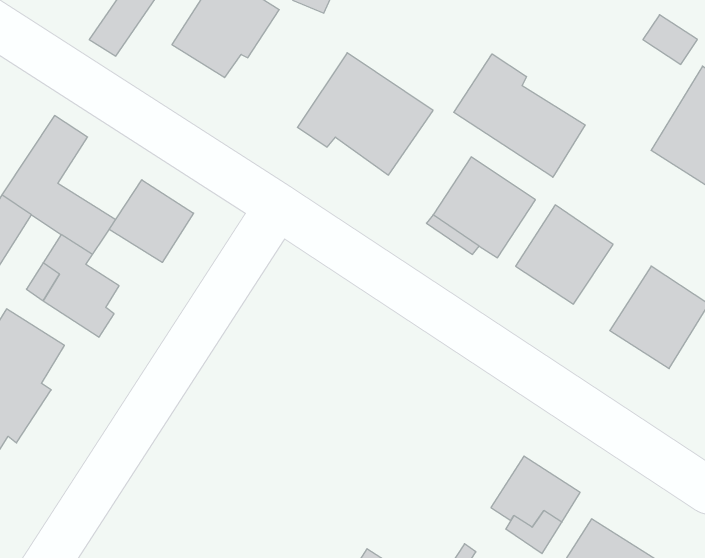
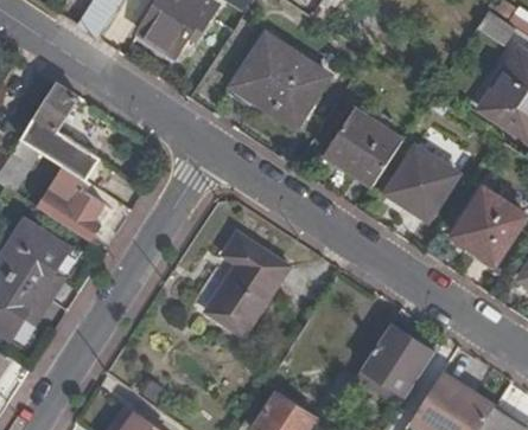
building: [454,54,585,177] -> none
building: [109,180,194,262] -> none
building: none -> [205,231,290,333]

